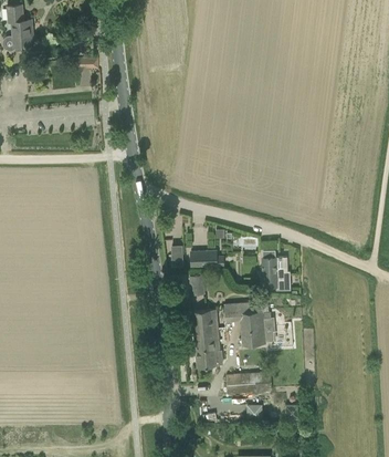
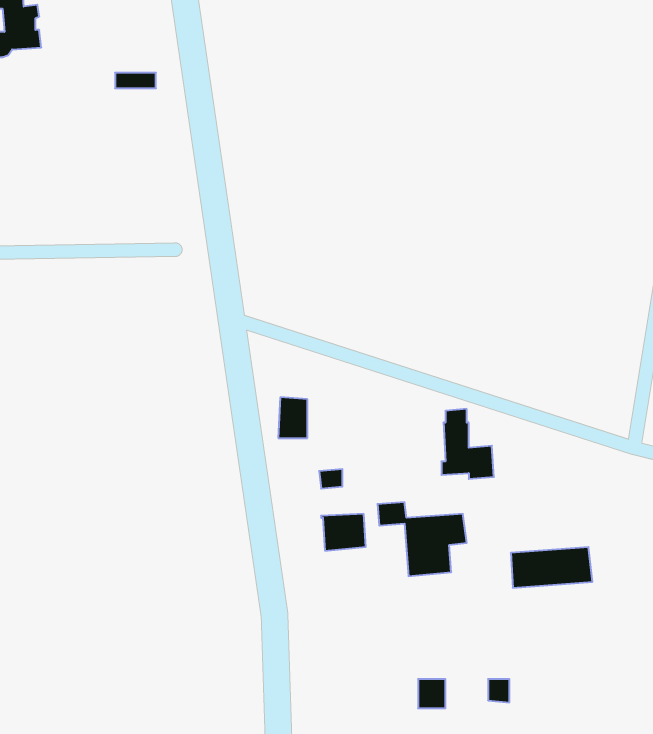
building: [190,250,224,267] -> none
building: [195,329,220,367] -> none
building: [227,372,273,395] -> [511,547,592,588]

